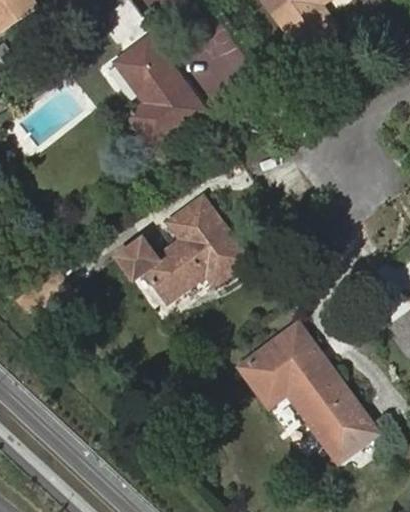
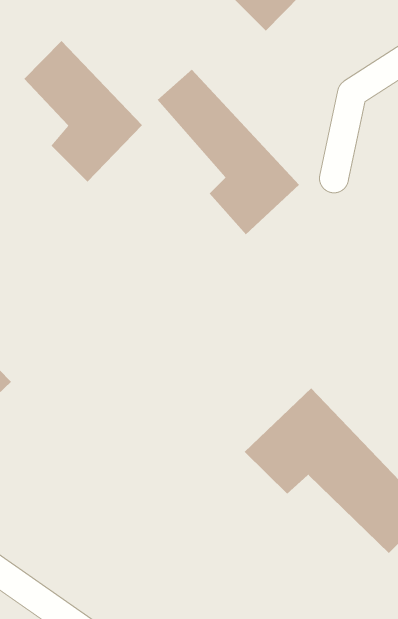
building: none -> [157,69,300,235]
building: [116,198,247,301] -> none

